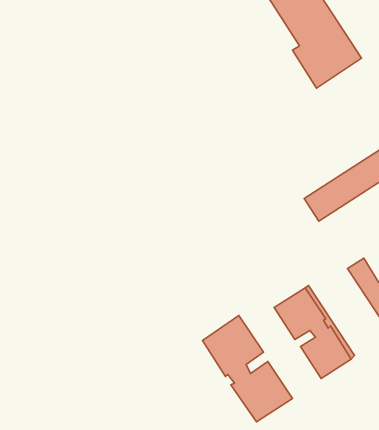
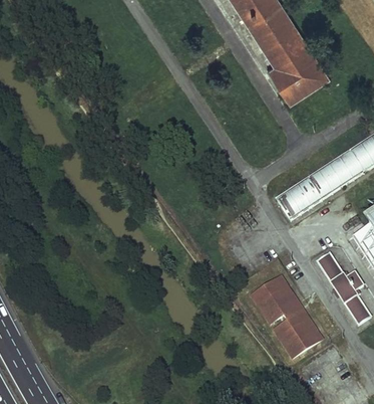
building: [202,316,292,422] -> none

